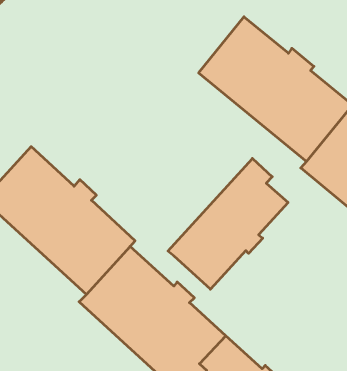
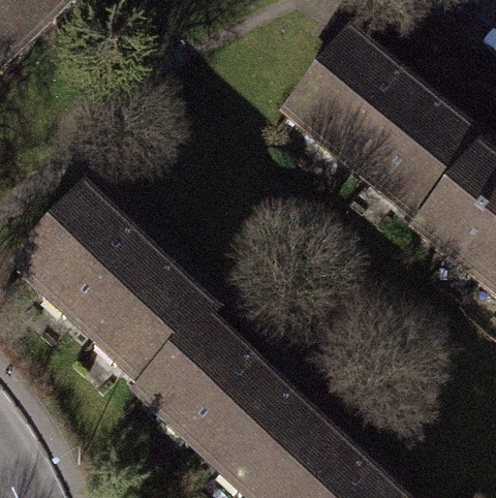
building: [168,158,288,289] -> none

